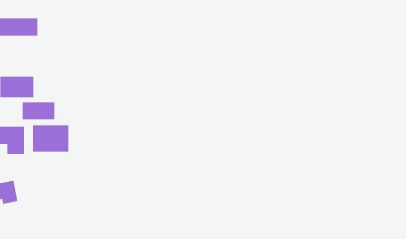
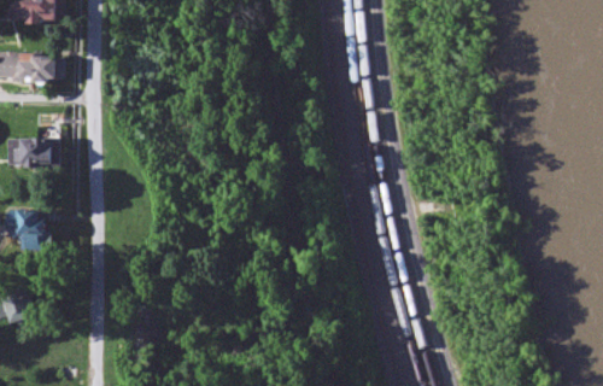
building: [22,101,55,120] -> none
building: [33,125,69,153] -> none

